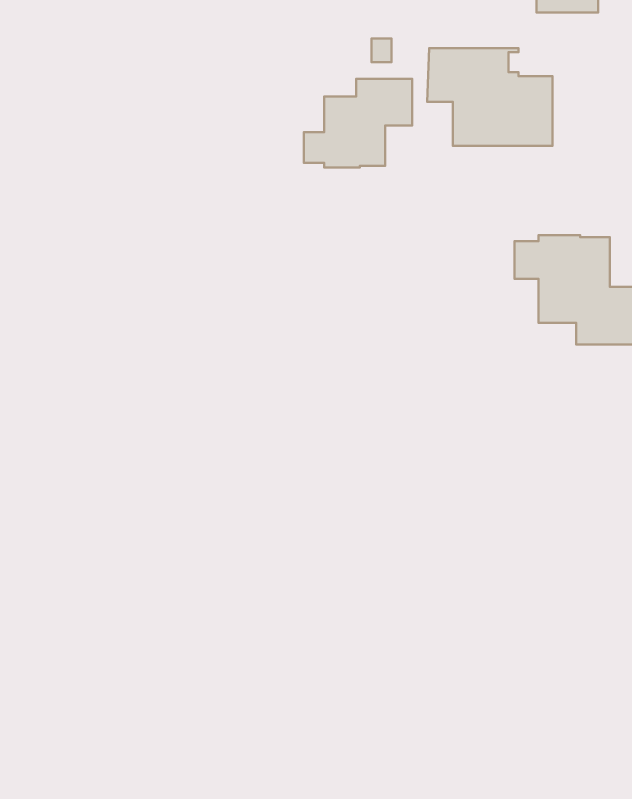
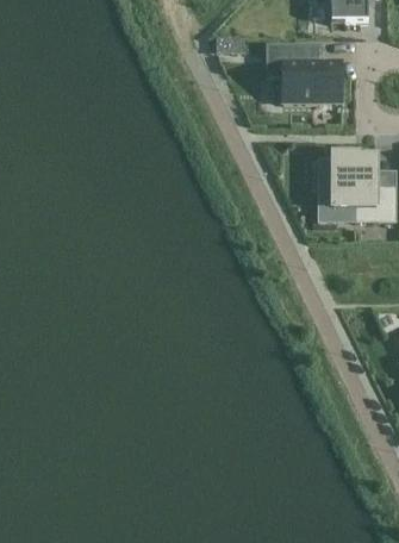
building: [304,79,412,168] -> none

